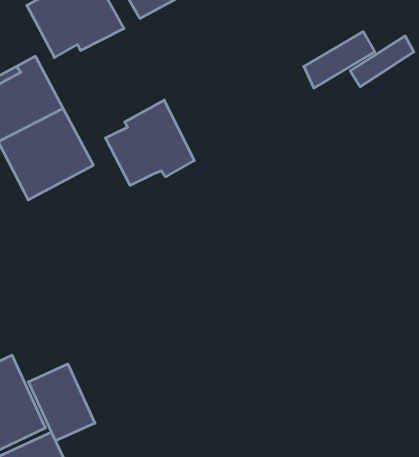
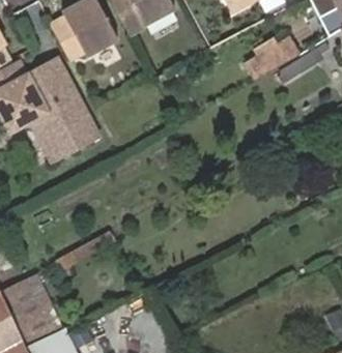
building: [105,100,194,185] -> none
building: [28,364,95,441] -> none

